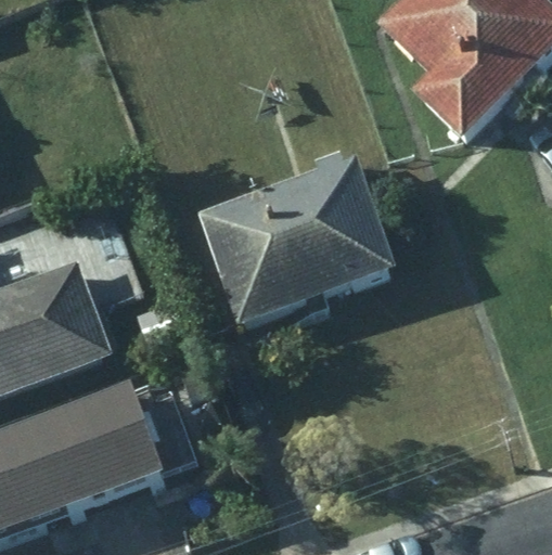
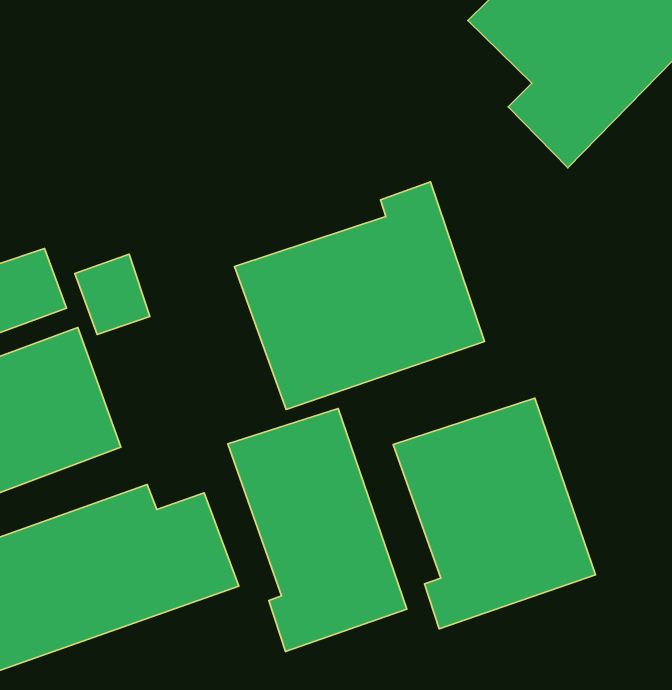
building: none -> [393,398,595,629]
building: none -> [228,408,407,651]

